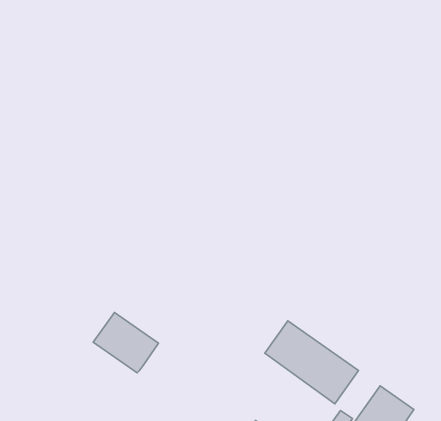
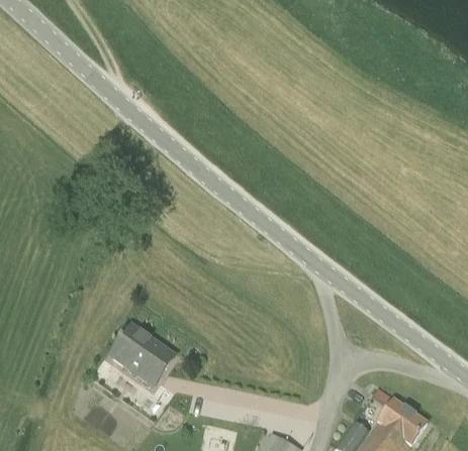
building: [265,321,359,404] -> none

